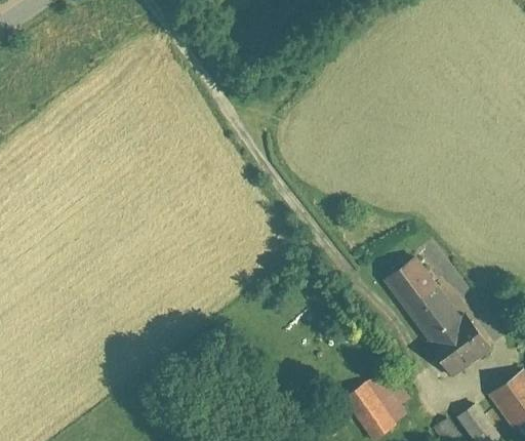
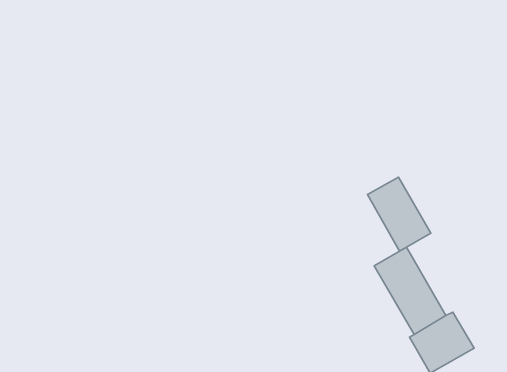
building: none -> [368,177,431,251]

